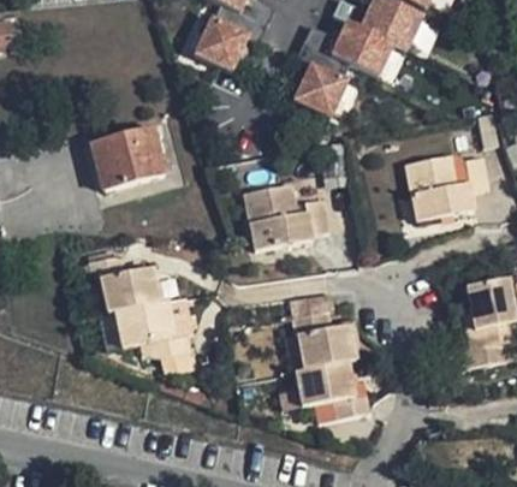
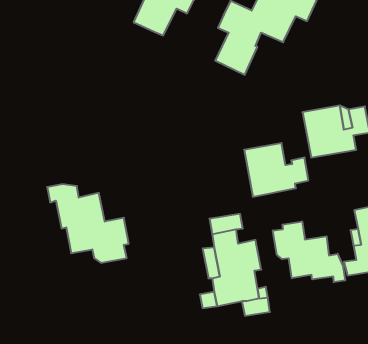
building: [85,115,170,188] -> none
building: [245,183,326,250] -> [244,143,308,197]
building: none -> [273,221,345,282]

